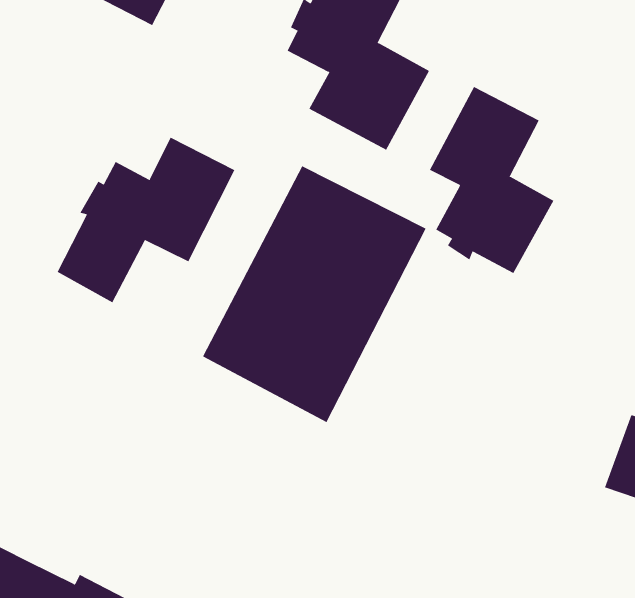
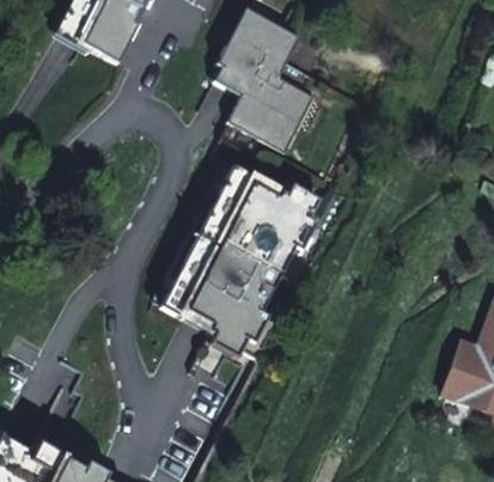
building: [429,86,554,274] -> none
building: [57,137,235,303] -> none

